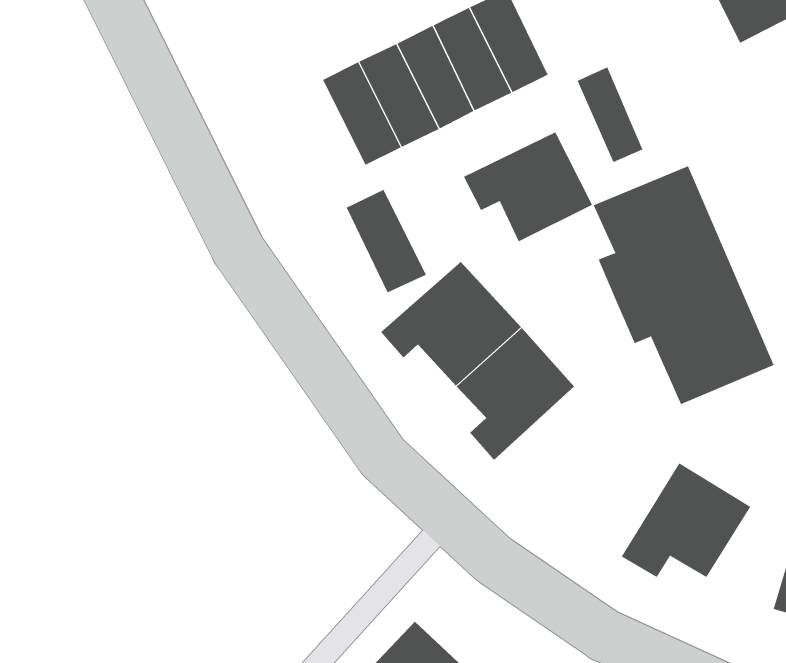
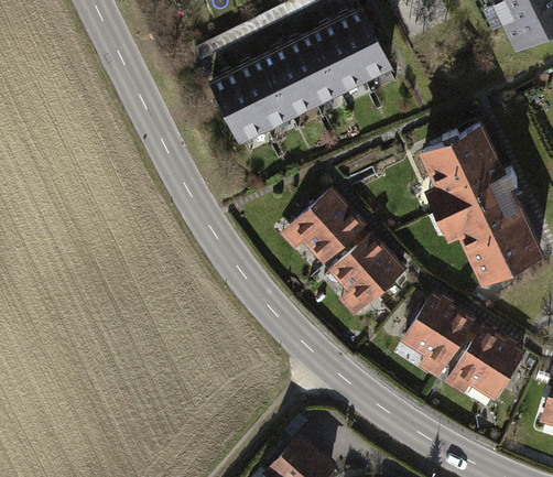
building: [577,67,643,163] -> none
building: [463,131,593,242] -> none
building: [346,189,427,293] -> [215,69,269,139]
building: none -> [402,297,478,388]

